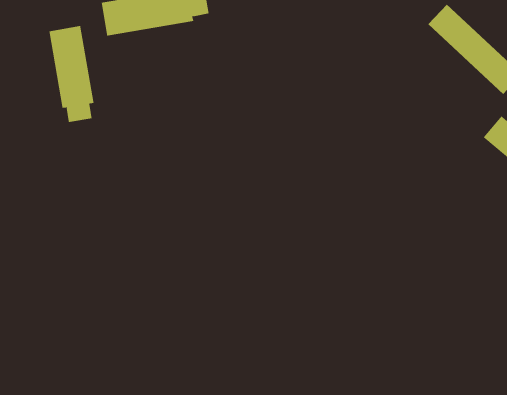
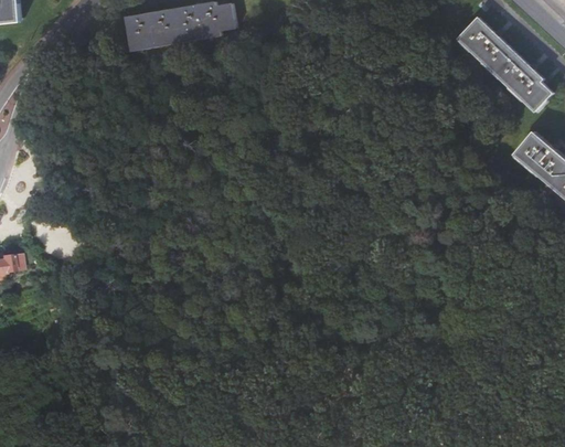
building: [49,25,94,123] -> none

